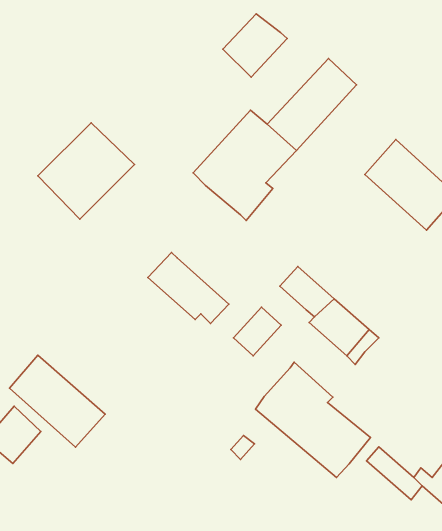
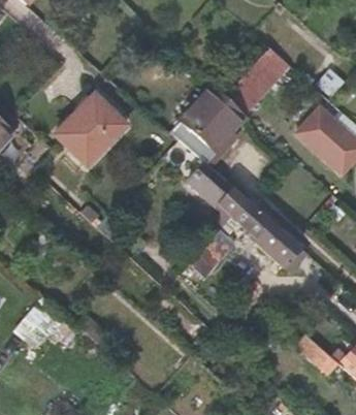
building: [223,14,287,77] -> none
building: [148,252,229,324] -> [187,162,247,215]
building: [10,355,105,447] -> none
building: [255,362,371,477] -> none

